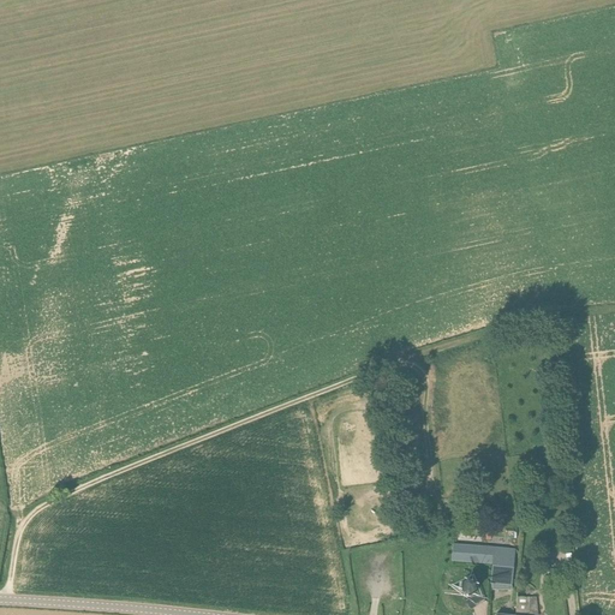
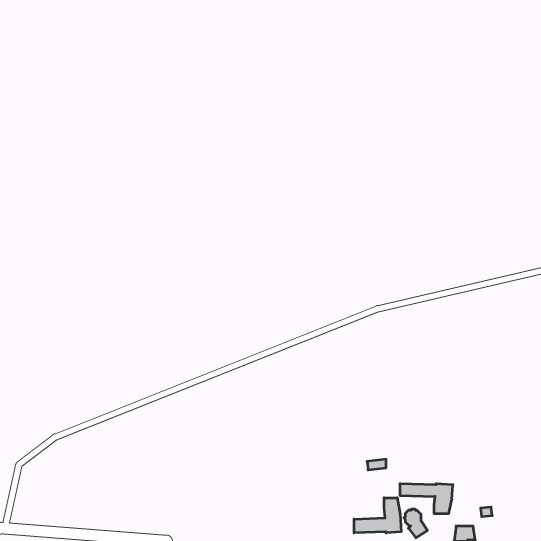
building: none -> [354,498,401,533]

